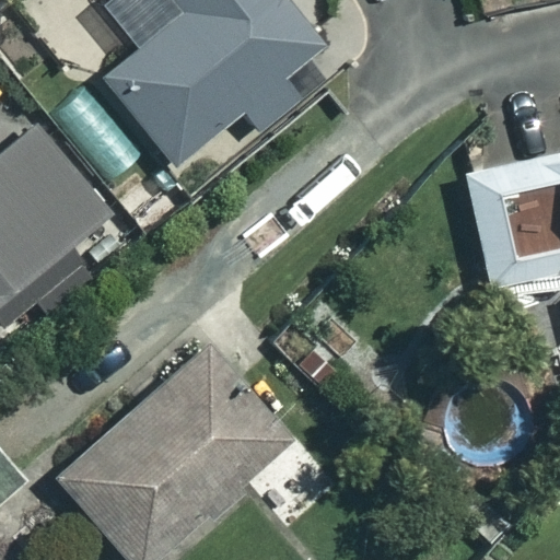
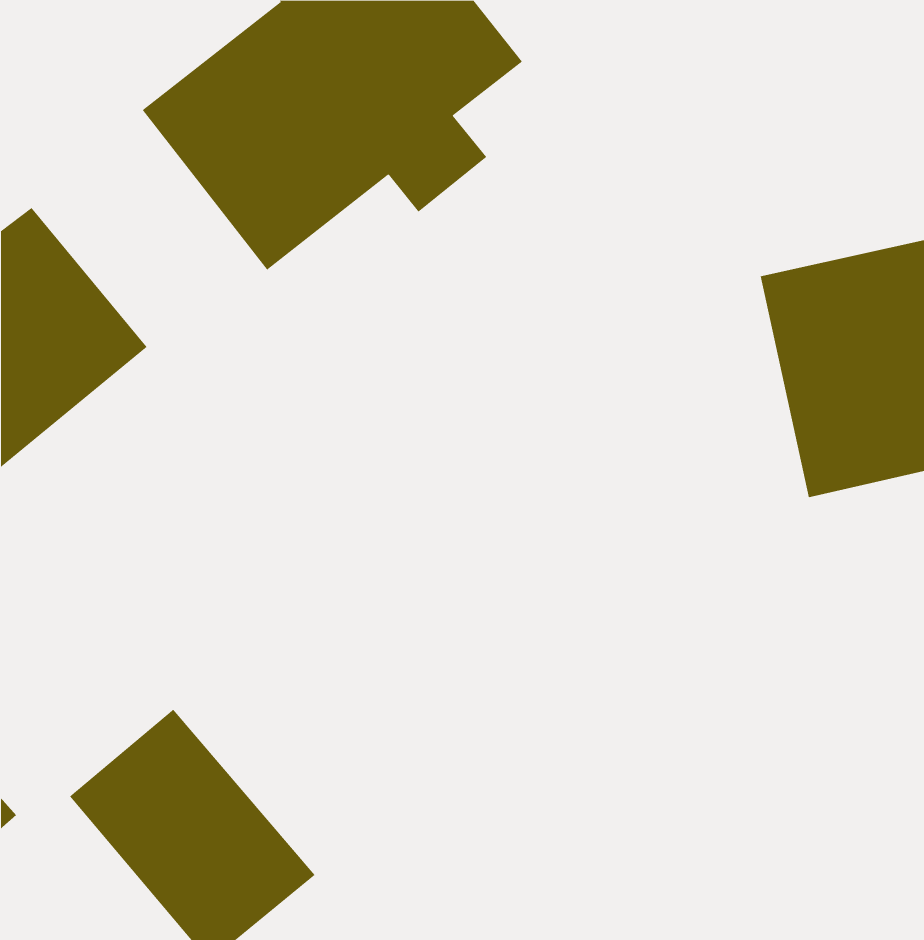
building: [119,343,294,520] -> none

